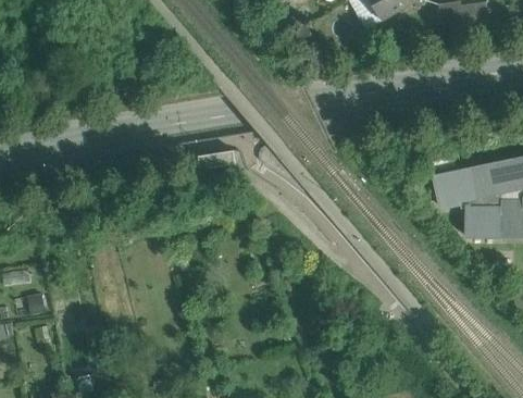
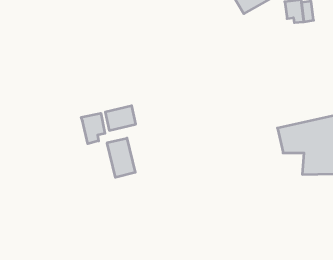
building: none -> [81,113,105,144]
building: none -> [107,138,135,177]

